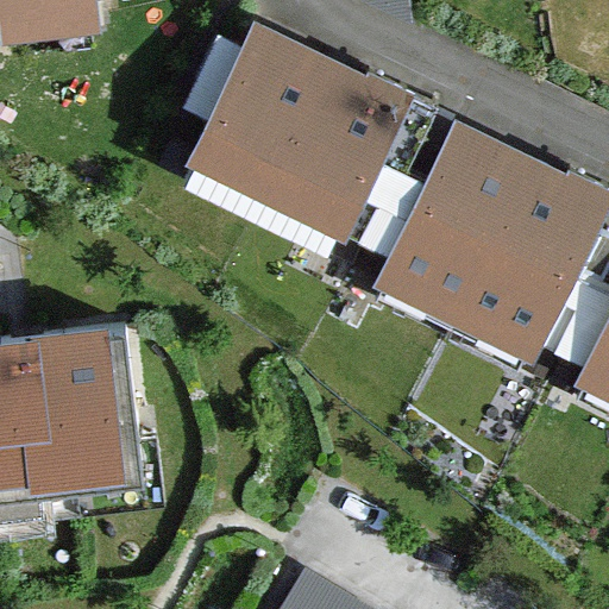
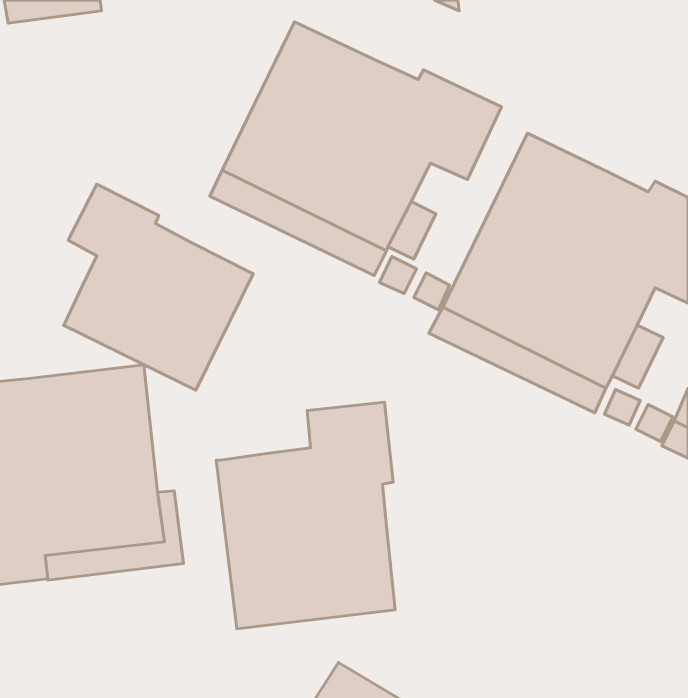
building: none -> [63,184,253,390]
building: none -> [216,402,395,629]

